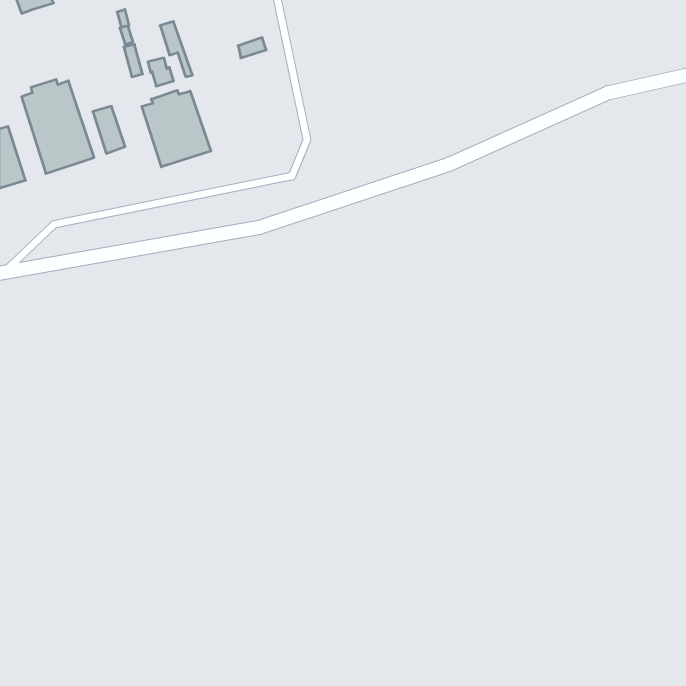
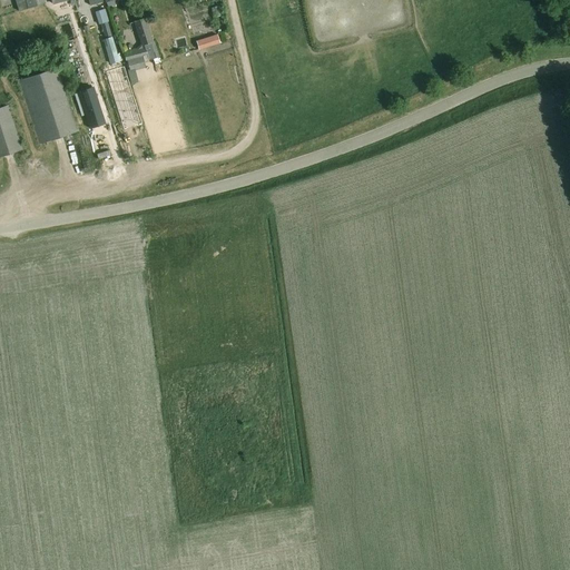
building: [142,90,211,167] -> none

